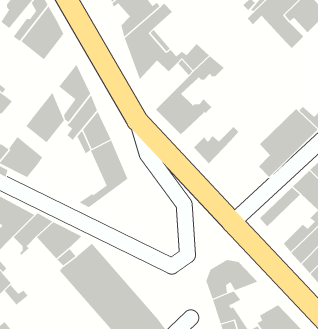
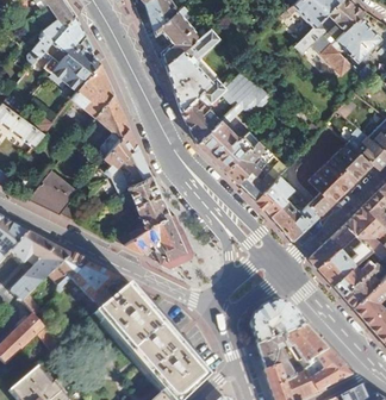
building: none -> [180,90,219,142]
building: [26,92,65,143] -> [71,62,113,117]
building: none -> [224,139,273,182]
building: none -> [254,175,318,240]
building: none -> [126,215,185,264]
building: none -> [316,246,361,285]
building: none -> [281,325,328,368]

